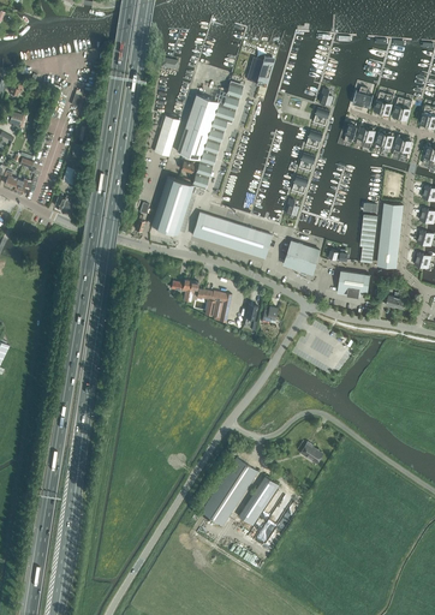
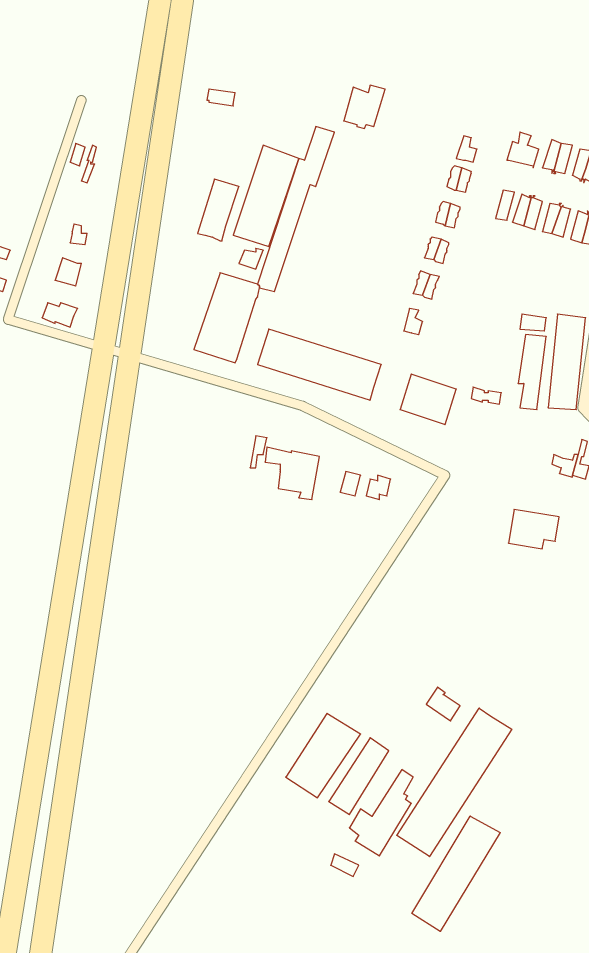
building: [338,271,370,297] -> [508,509,559,549]
building: none -> [397,708,512,857]
building: none -> [412,816,500,931]

